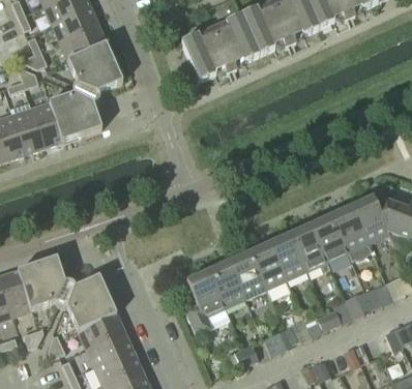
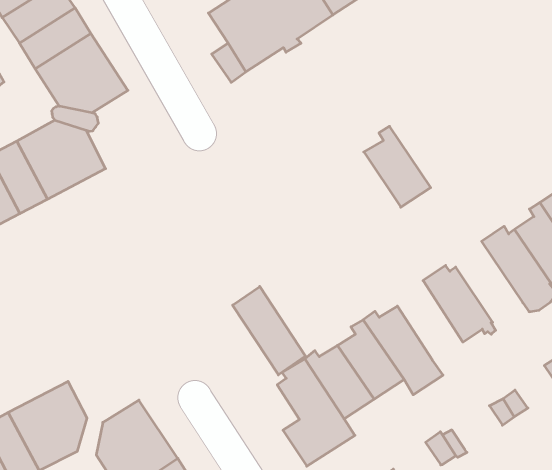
building: [310,210,348,262] -> [364,126,431,207]
building: none -> [233,286,306,375]
building: [269,229,306,279] -> none

